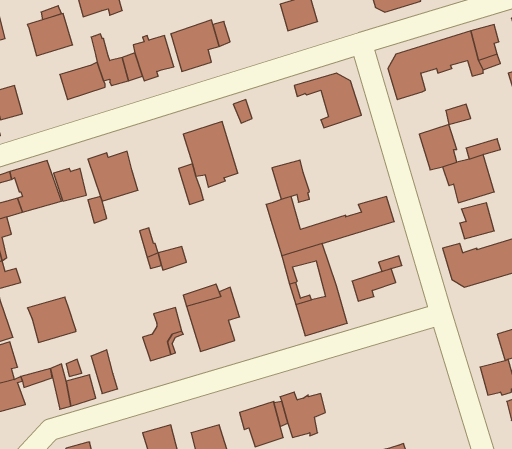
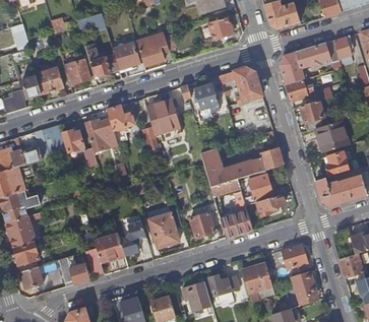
building: [27,14,73,56] -> [36,66,65,93]
building: none -> [286,79,314,101]
building: none -> [107,105,134,132]
building: [272,160,309,202] -> [194,83,219,111]
building: none -> [249,174,272,200]
building: none -> [189,212,214,238]
building: [27,297,76,342] -> [94,233,125,262]
building: none -> [272,244,308,268]
building: none -> [242,262,272,301]
building: none -> [291,270,319,305]

